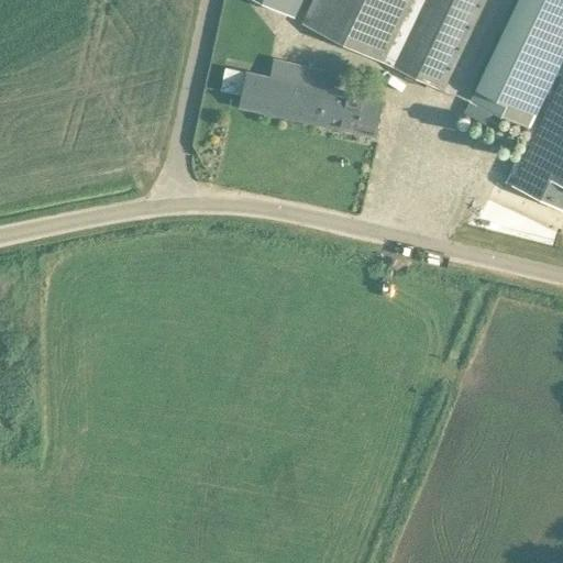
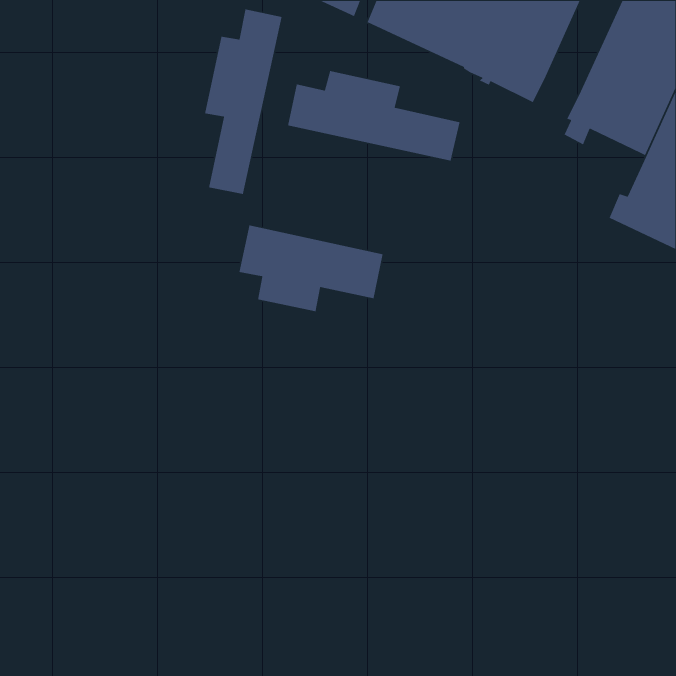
building: none -> [204,8,282,195]
building: none -> [238,225,383,312]

